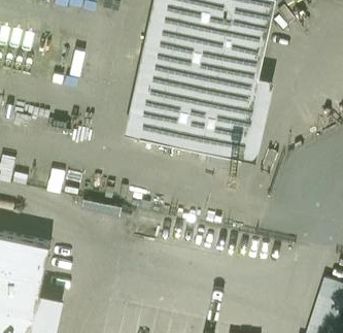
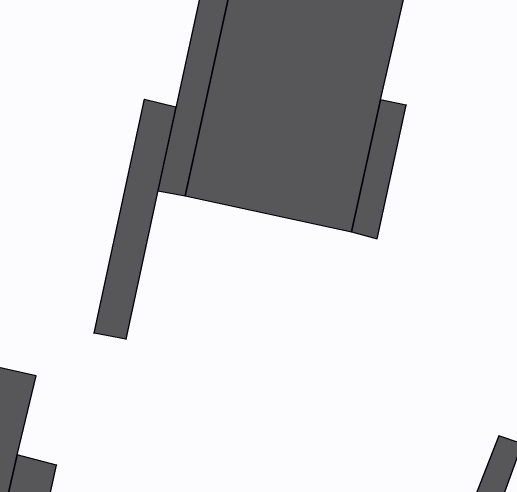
building: none -> [94,99,176,339]

